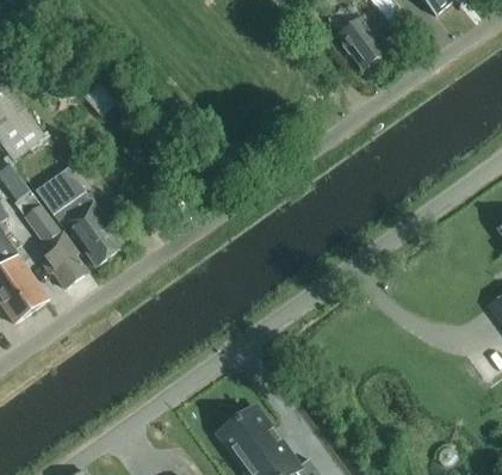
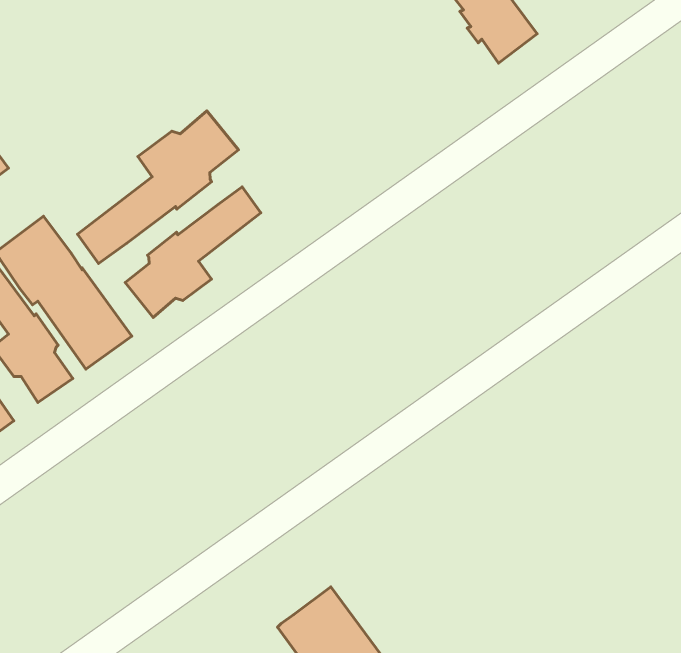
building: none -> [78,111,239,263]
building: none -> [125,187,261,318]

